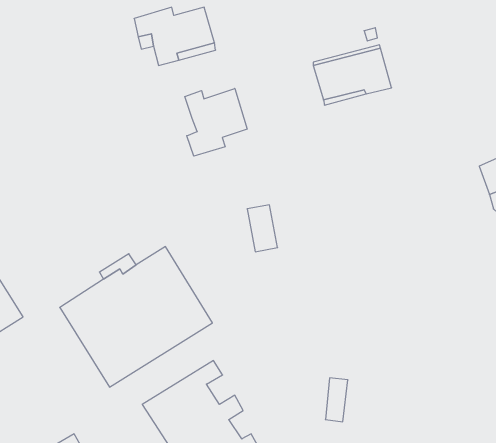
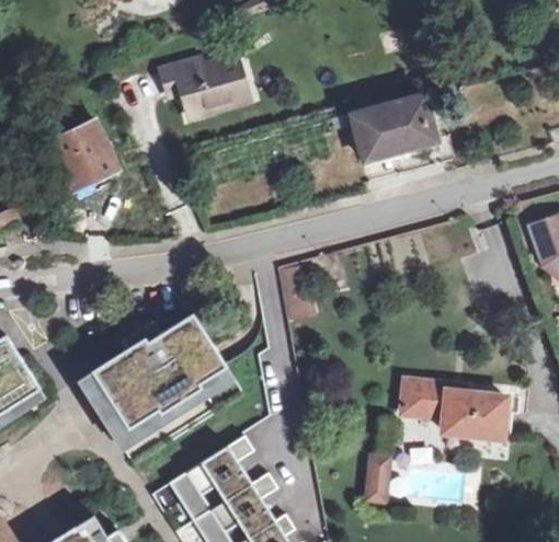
building: none -> [48,115,123,193]
building: [185,88,247,156] -> none
building: none -> [401,380,506,438]

